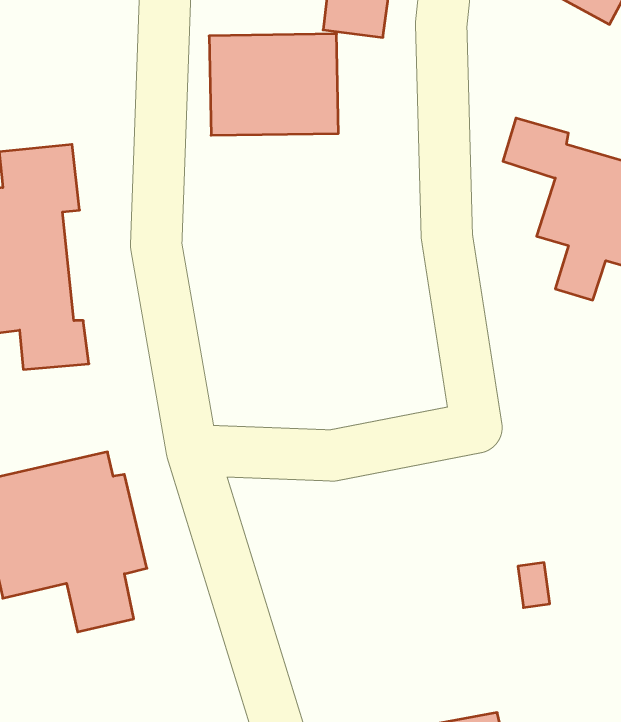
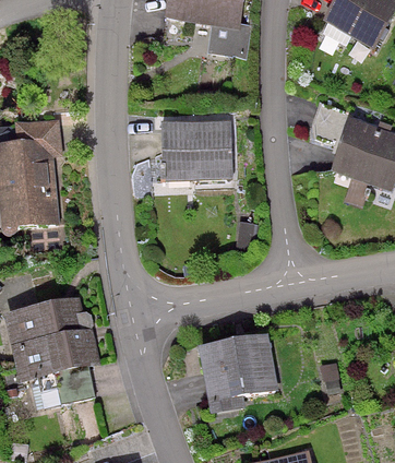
building: [209,34,338,135] -> [158,120,234,179]
building: none -> [195,332,276,414]

